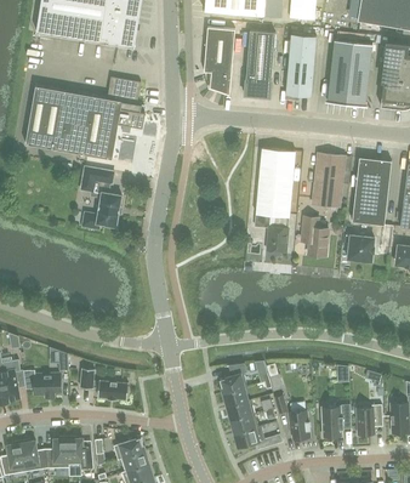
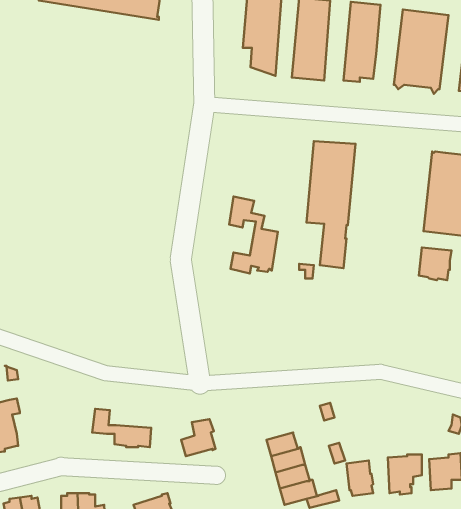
building: [24,76,144,159] -> none
building: [312,153,343,206] -> none
building: [80,166,120,229] -> [229,196,278,273]
building: [301,217,328,256] -> none
building: [218,363,246,393] -> [181,419,215,456]
building: [23,370,59,397] -> none

